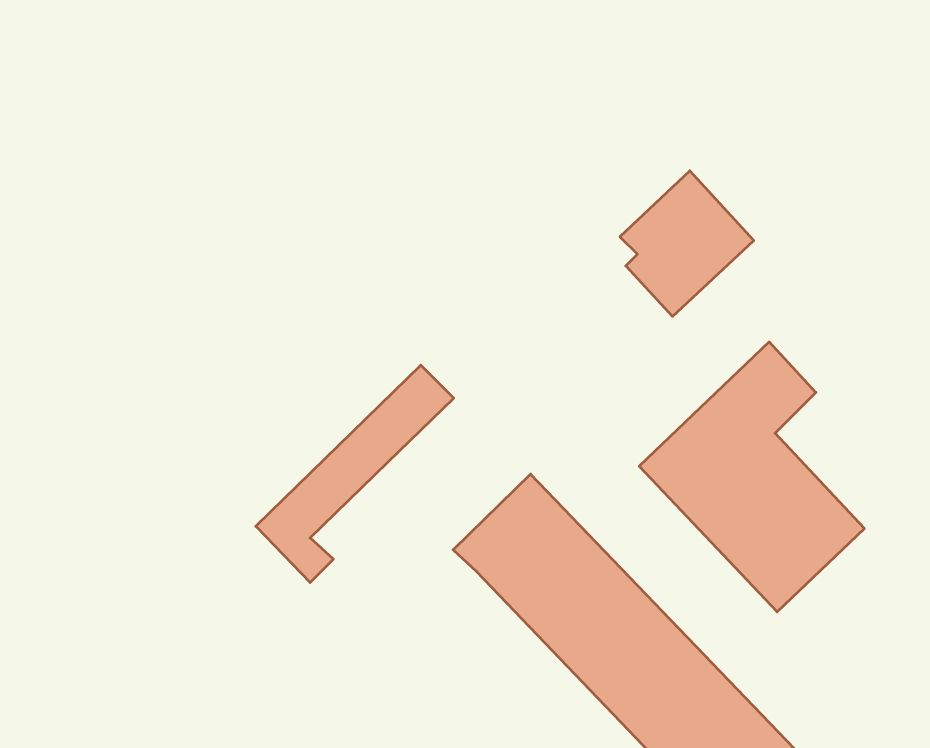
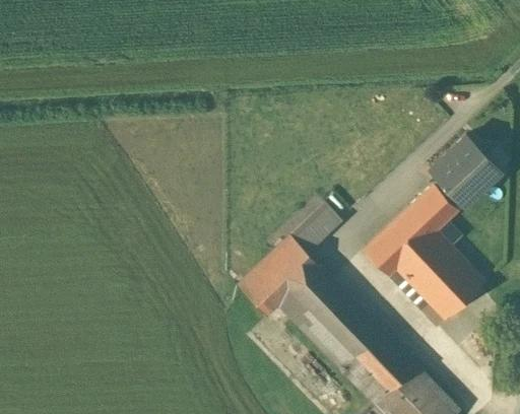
building: [620,171,754,316] -> [430,135,500,211]
building: [256,365,454,583] -> [239,203,342,317]

